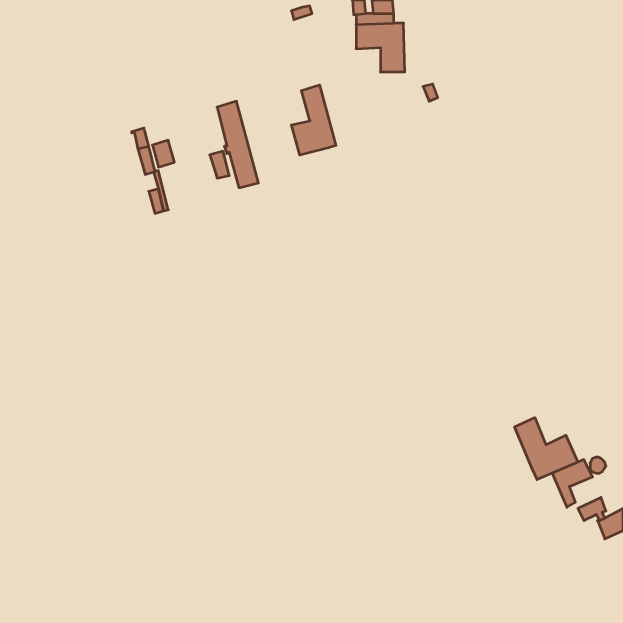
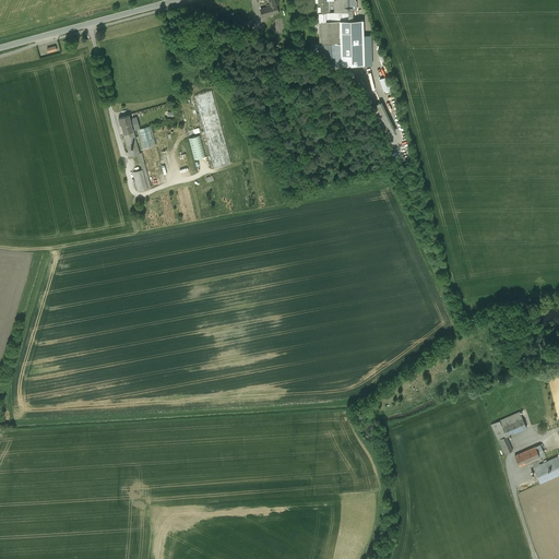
building: [291,85,336,155] -> none
building: [515,418,578,480] -> none

